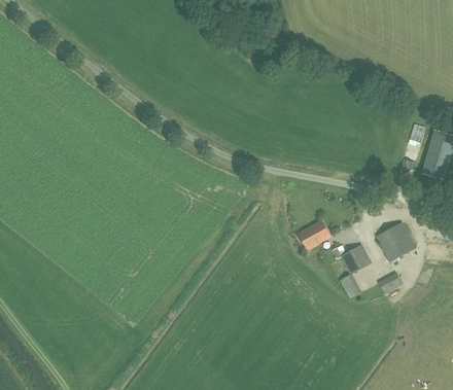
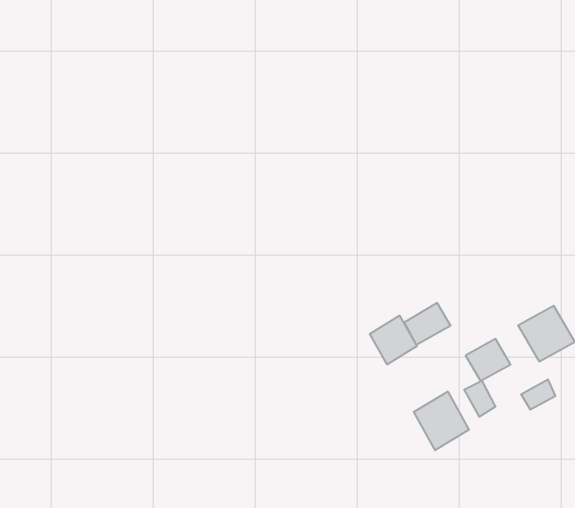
building: none -> [370,316,417,364]
building: none -> [414,392,469,450]

